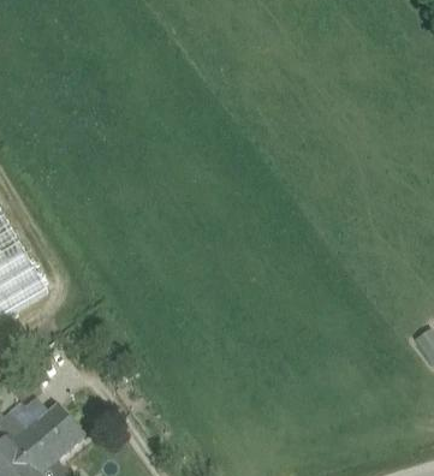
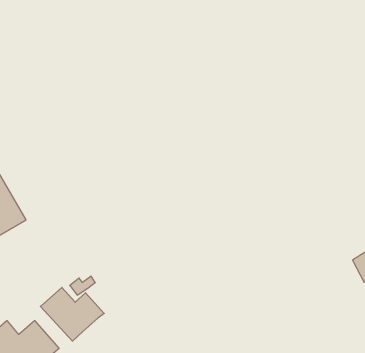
building: none -> [40,287,104,341]

